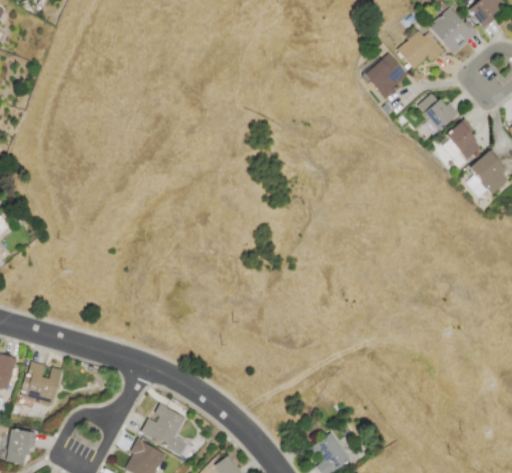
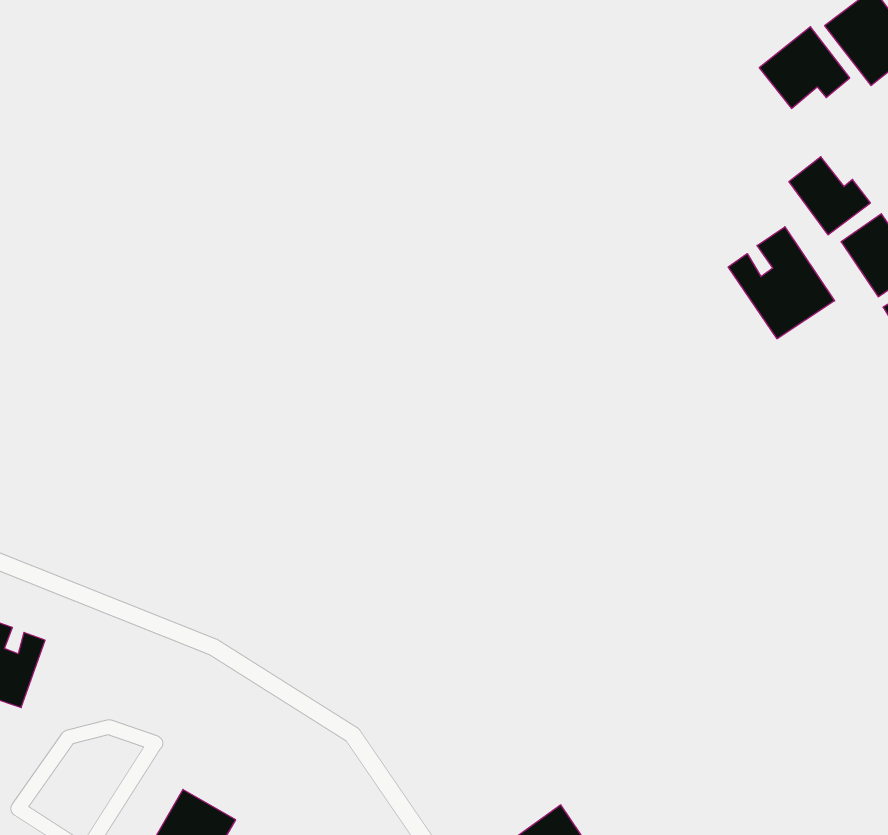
building: [363,54,409,99] -> none
building: none -> [728,227,835,339]
building: [140,406,187,454] -> none

